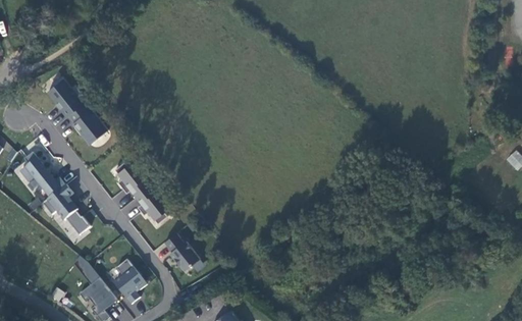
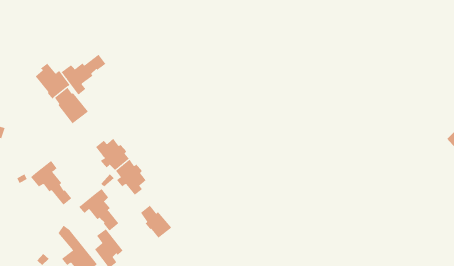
building: none -> [61,54,106,95]
building: [20,151,65,196] -> none
building: none -> [78,188,119,231]

